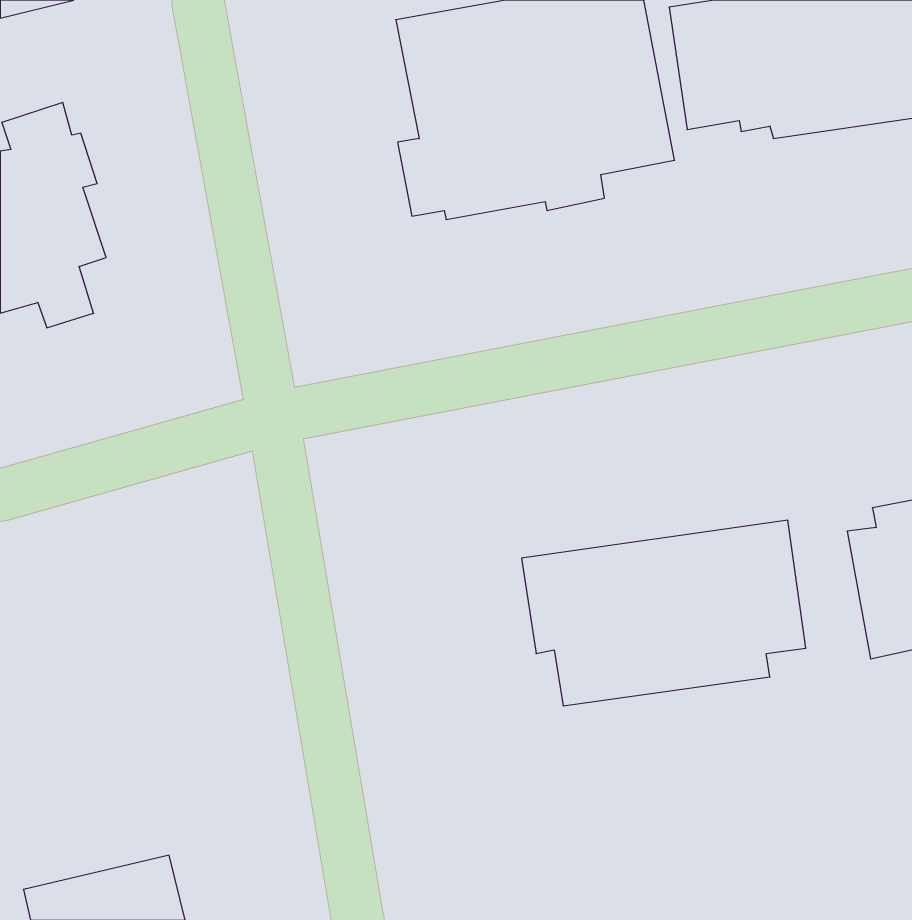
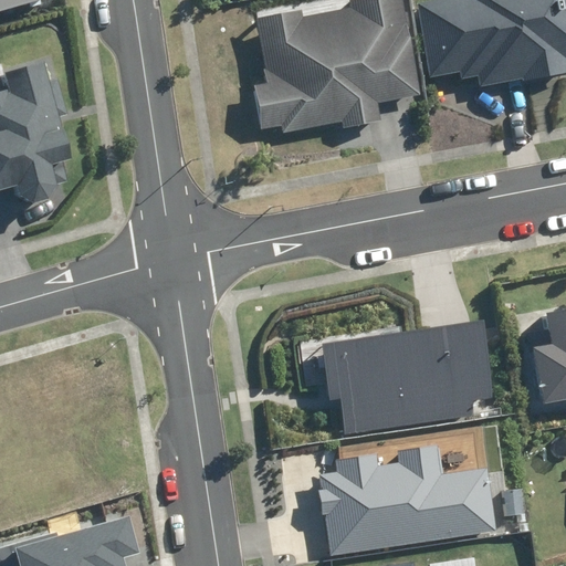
building: none -> [318,441,495,558]

